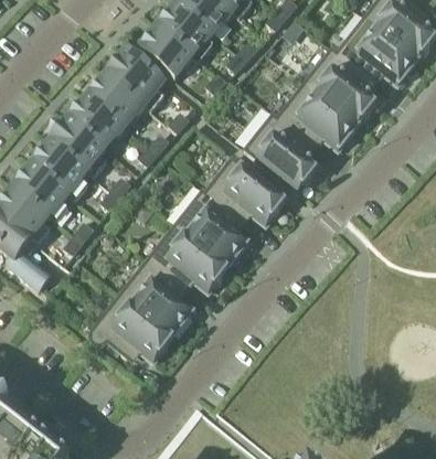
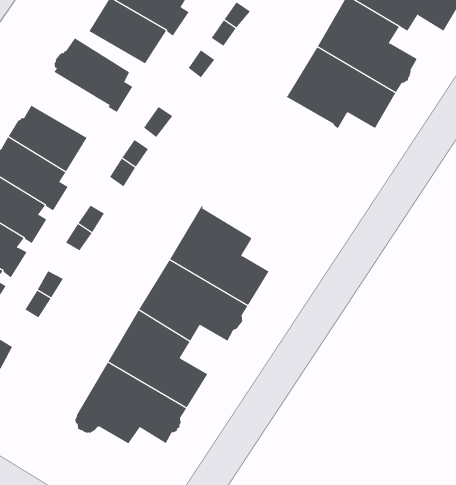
building: [87,75,145,127] -> none
building: [243,110,318,191] -> none
building: [204,156,286,223] -> none

